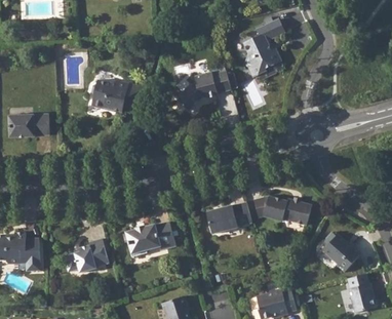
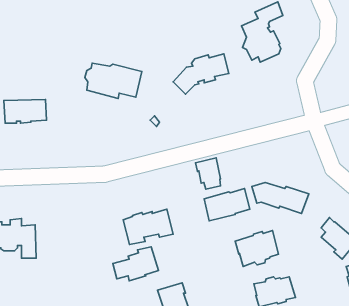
building: none -> [195,158,220,189]
building: [65,240,110,274] -> [113,247,158,281]
building: none -> [235,230,279,267]

